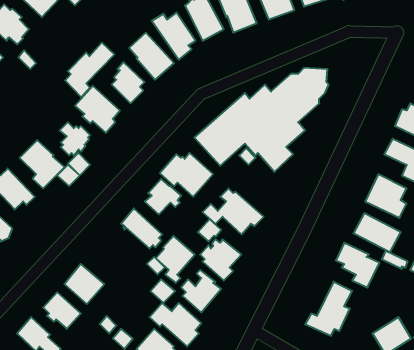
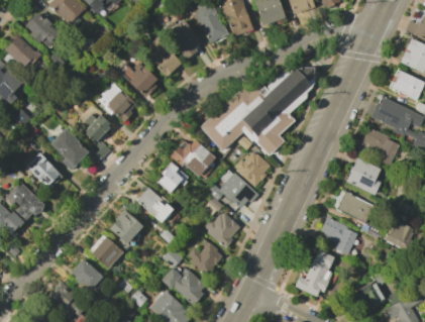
building: [65,43,114,97] -> none
building: none -> [235,151,271,187]
building: [156,236,195,283] -> [109,209,142,249]

